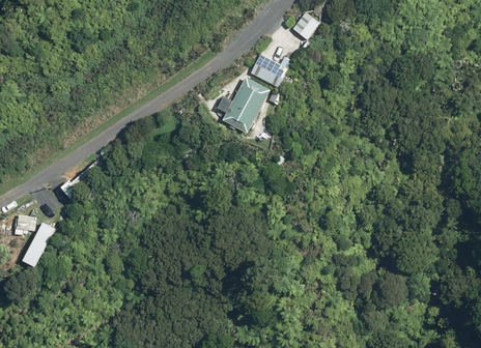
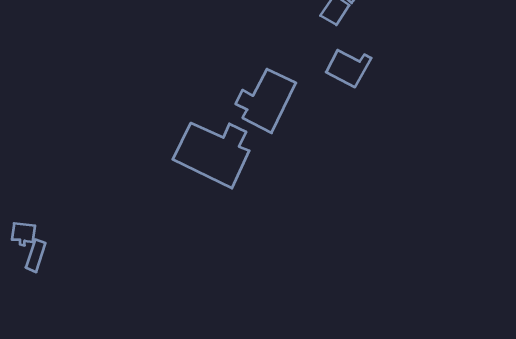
building: [250,53,290,86] -> [326,50,371,87]
building: none -> [173,123,249,188]

